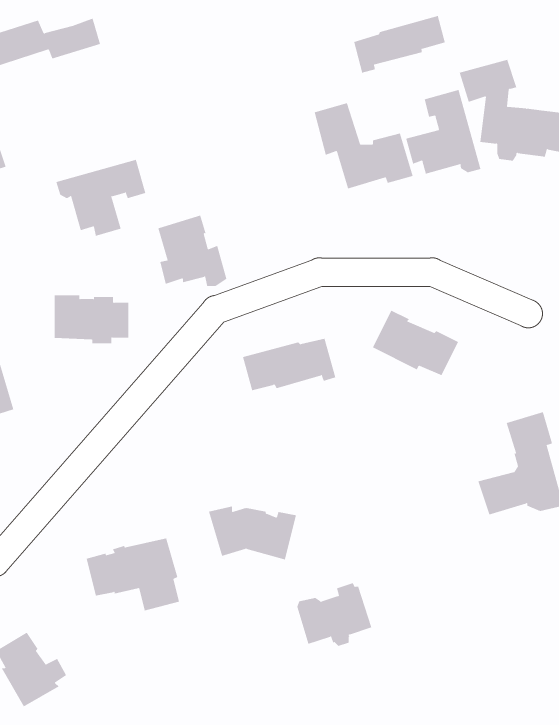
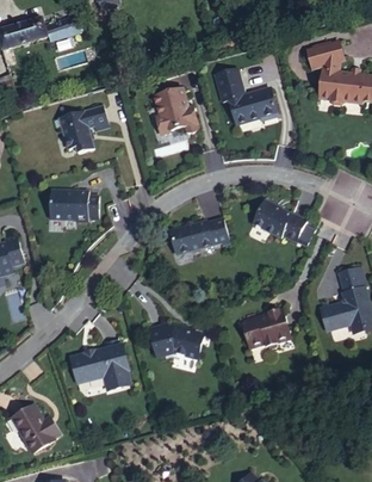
building: [354,15,445,74] -> none
building: [406,89,481,174] -> none
building: [158,215,227,286] -> [154,87,198,132]
building: [297,582,372,646] -> [242,310,290,351]

